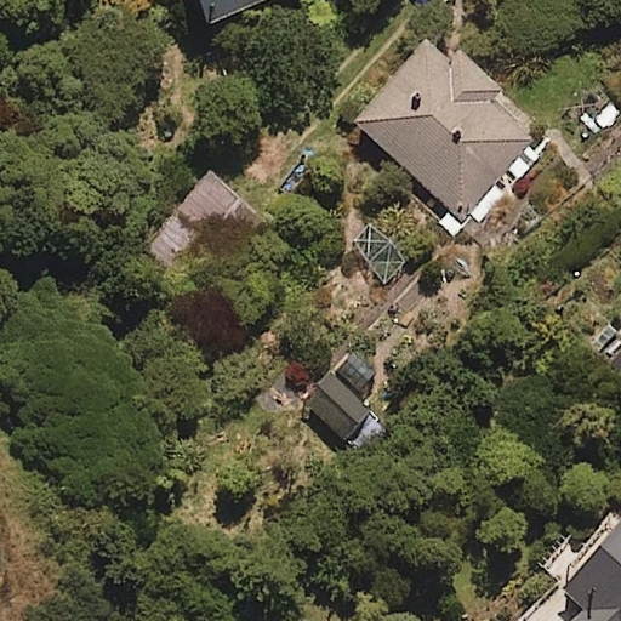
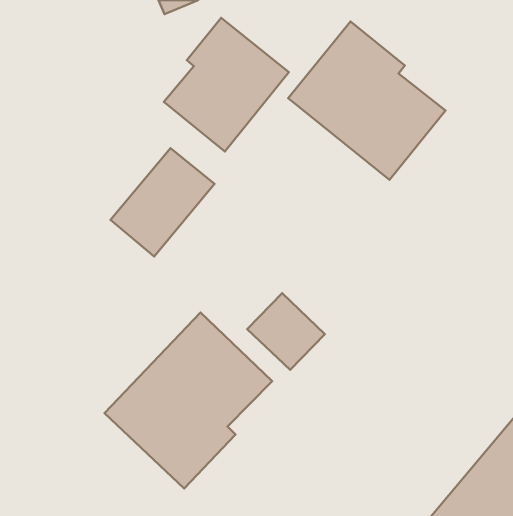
building: none -> [164,18,289,151]
building: none -> [105,313,272,489]

